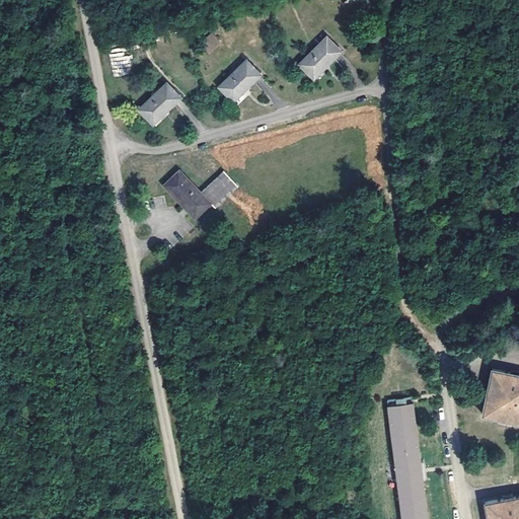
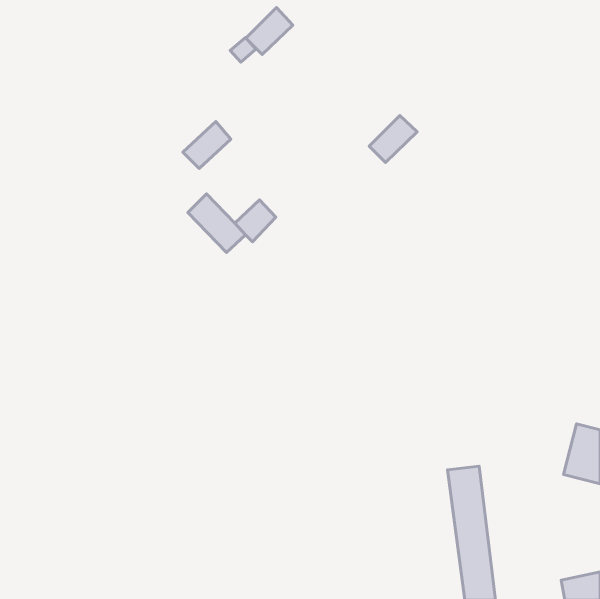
building: [299,38,341,78] -> [369,116,417,163]
building: [219,60,260,100] -> [246,8,293,55]
building: [138,82,179,123] -> [183,122,231,169]

